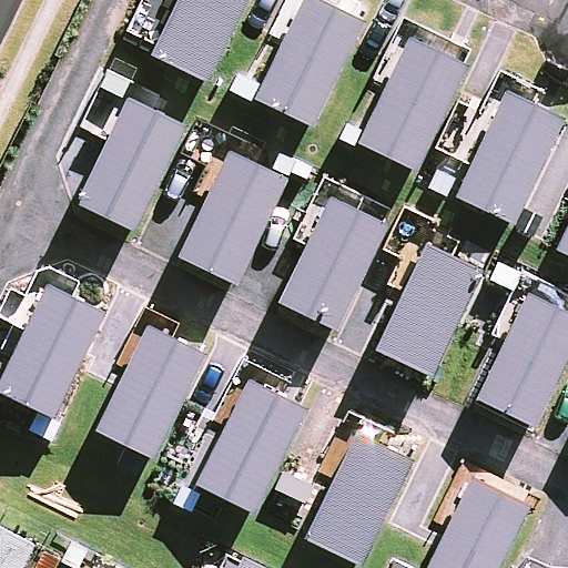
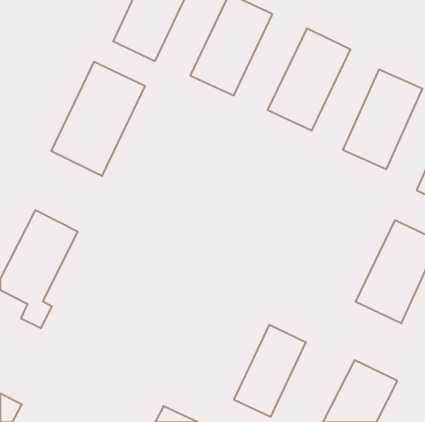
building: [179,150,290,286] -> none
building: [280,196,389,332] -> none
building: [376,245,483,378] -> none
building: [93,332,200,463] -> none
building: [195,382,303,511] -> none

